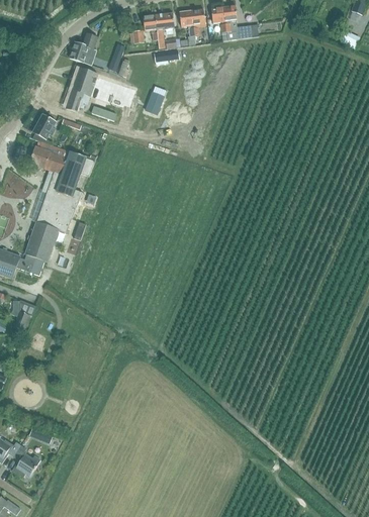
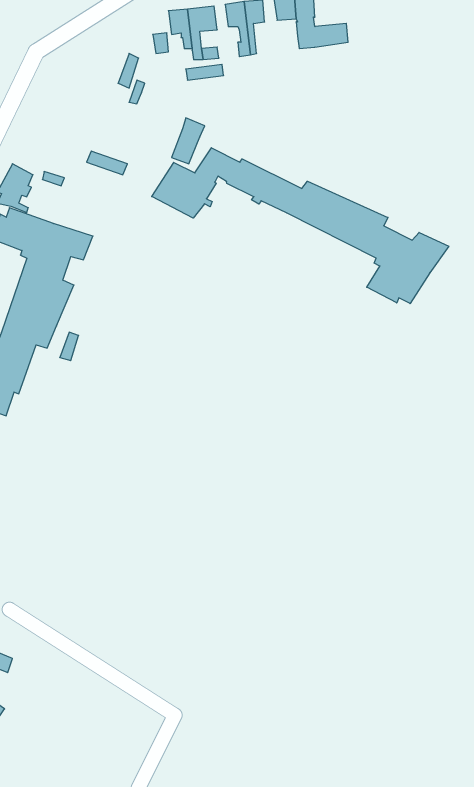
building: [69,33,98,63] -> none
building: [66,68,97,111] -> none
building: none -> [152,148,449,304]

